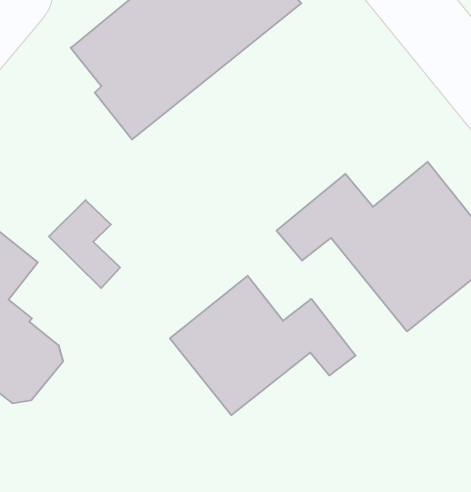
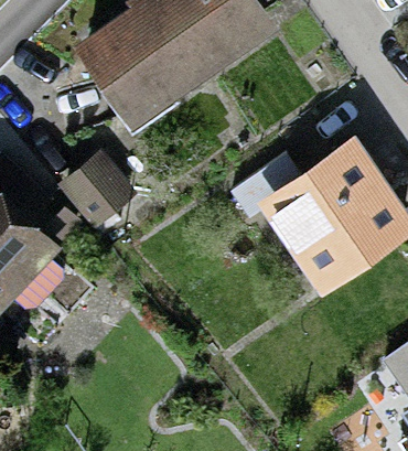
building: [170,276,356,415] -> none

